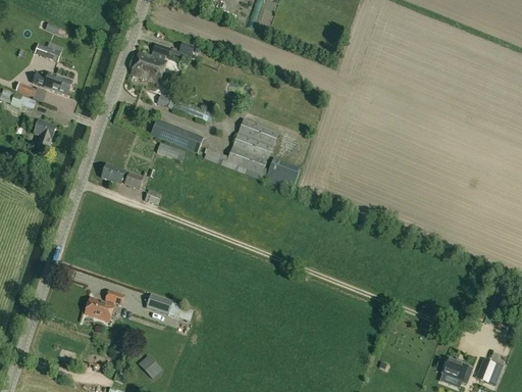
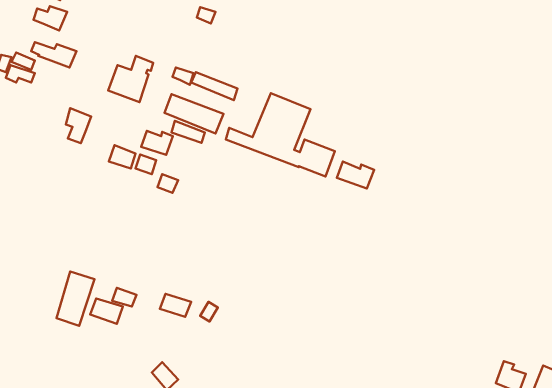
building: [130,43,170,84] -> [108,56,153,102]
building: [34,119,56,150] -> [66,108,91,143]
building: none -> [141,131,173,155]
building: none -> [337,162,374,189]
building: none -> [57,272,95,326]

